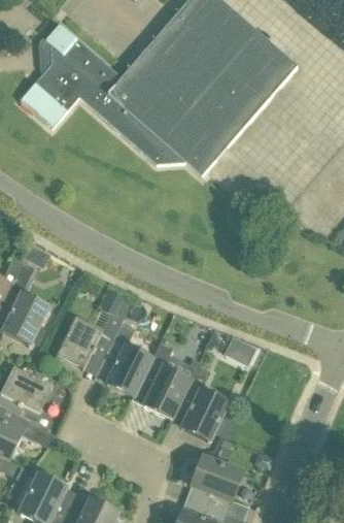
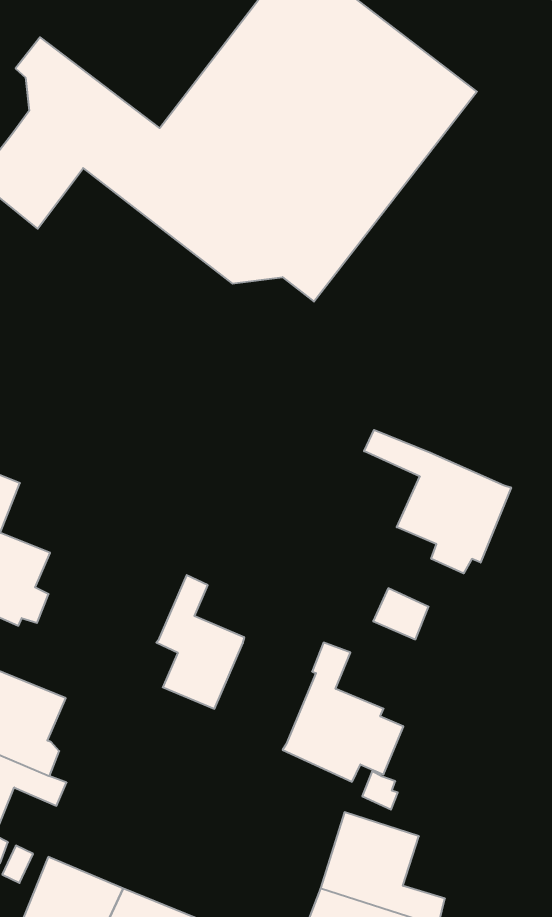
building: none -> [364,430,511,573]
building: [57,286,133,369] -> none
building: [133,342,191,418] -> none

